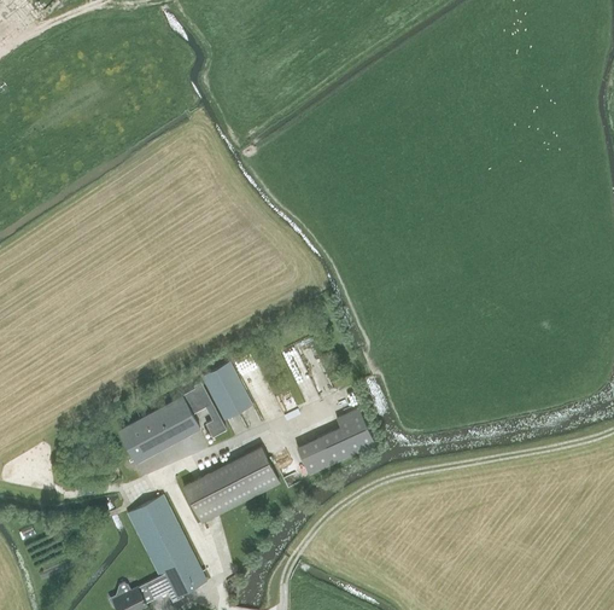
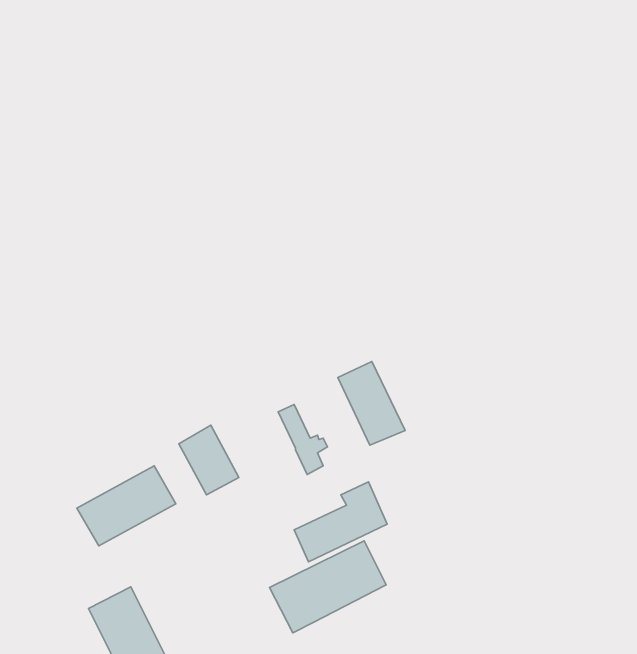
building: none -> [338,362,405,445]
building: [181,383,226,436] -> none
building: [182,447,279,523] -> [269,541,386,633]

